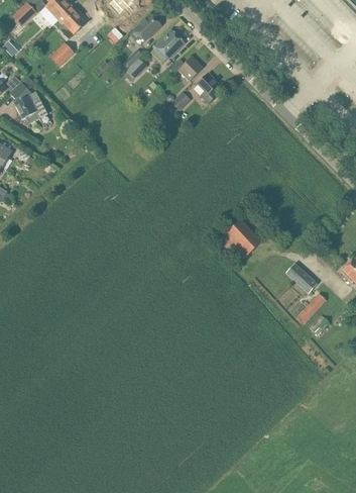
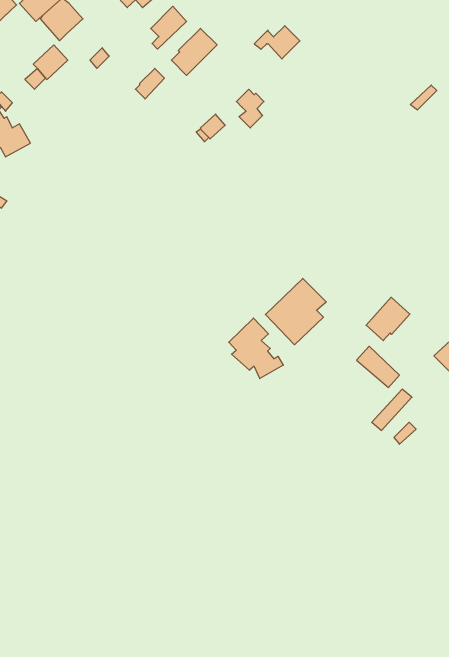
building: [169,56,203,80] -> [254,26,300,59]
building: none -> [366,297,410,341]
building: none -> [229,318,283,379]

